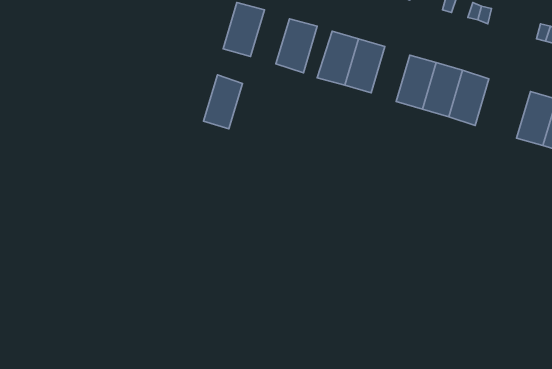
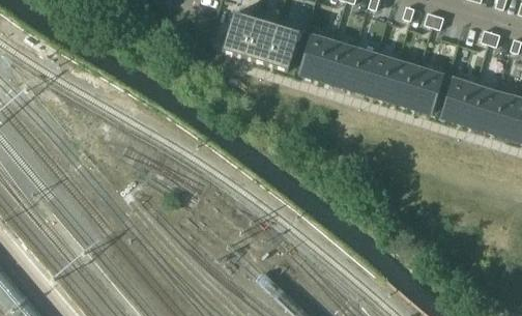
building: none -> [344,48,376,93]
building: [204,75,243,129] -> [244,18,277,62]
building: none -> [441,78,475,123]

